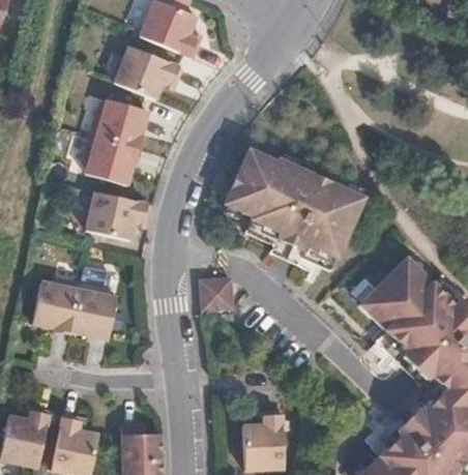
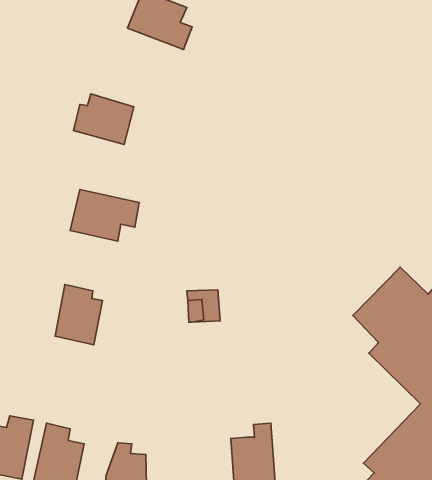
building: [117,41,184,95] -> none
building: [83,130,141,182] -> none
building: [222,154,362,275] -> none
building: [33,273,82,330] -> none

